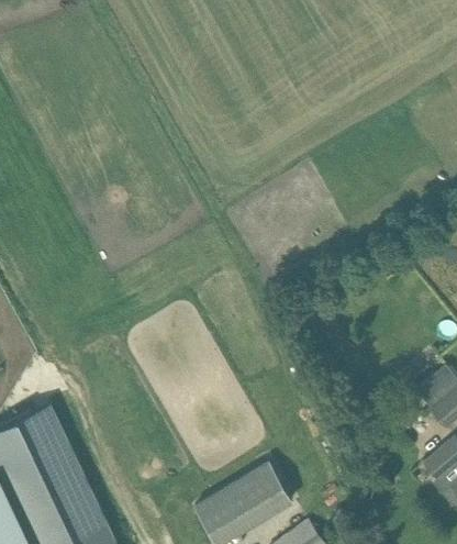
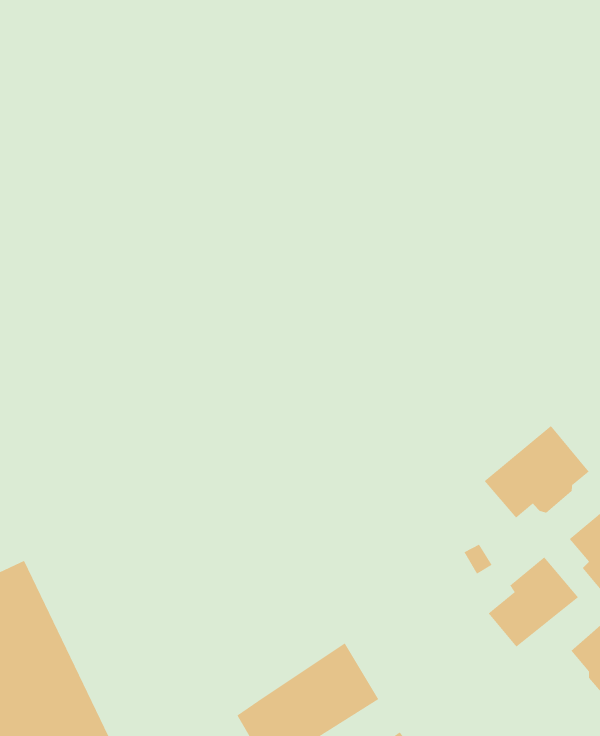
building: none -> [484,425,589,519]
building: none -> [488,557,579,647]

